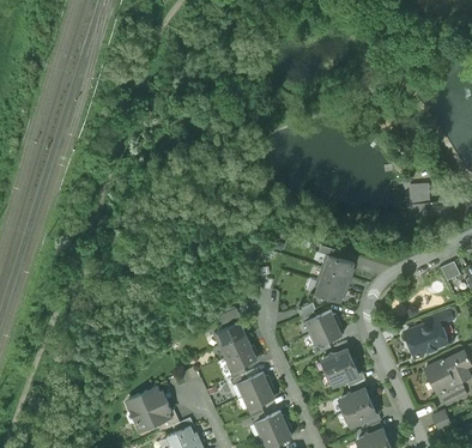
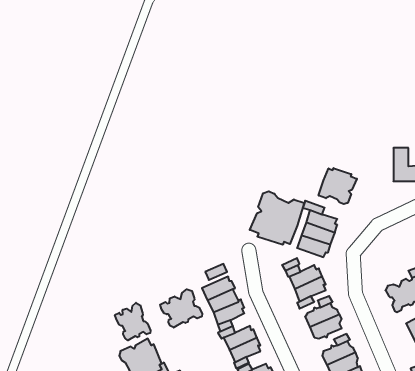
building: none -> [319,168,357,204]
building: none -> [250,191,304,245]
building: none -> [160,289,202,328]
building: none -> [115,303,150,340]

